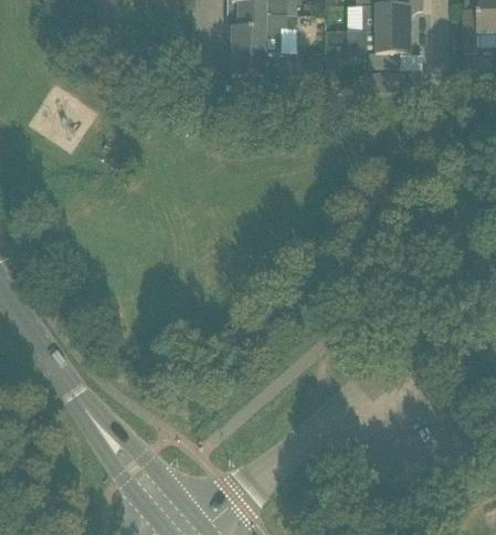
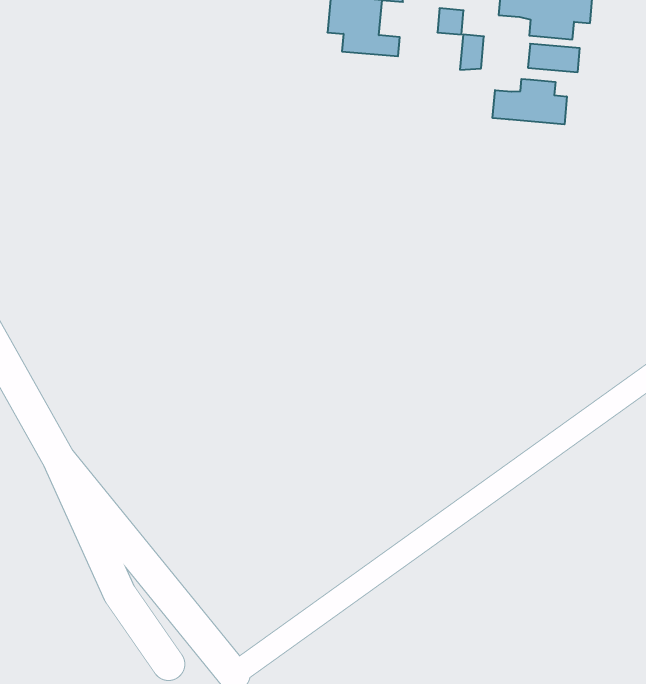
building: none -> [493,79,567,124]

